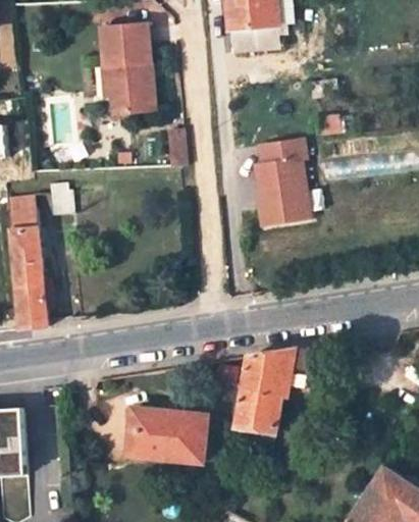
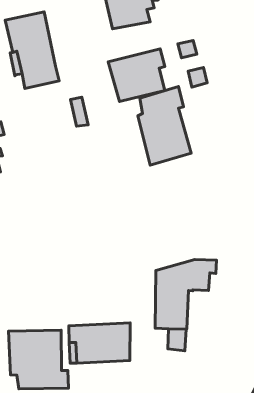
building: none -> [108,49,165,102]
building: none -> [9,330,68,389]

